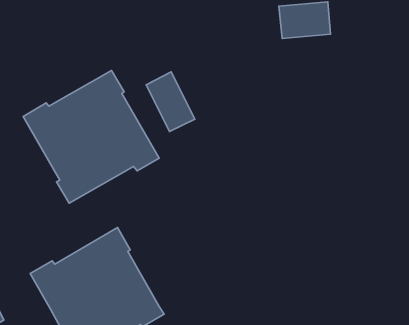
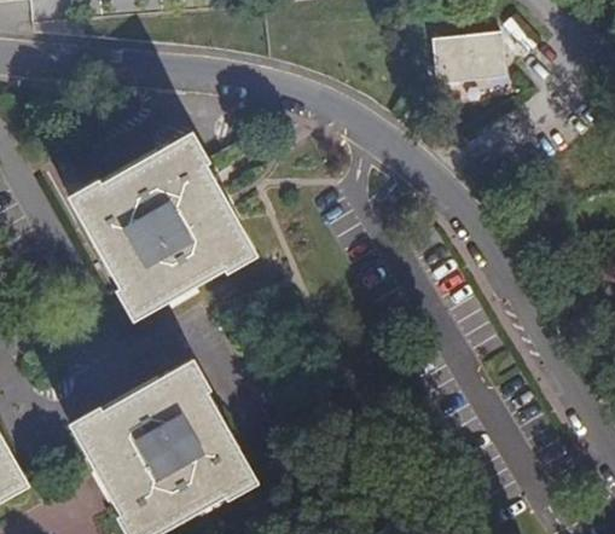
building: [146,72,195,131] -> none

